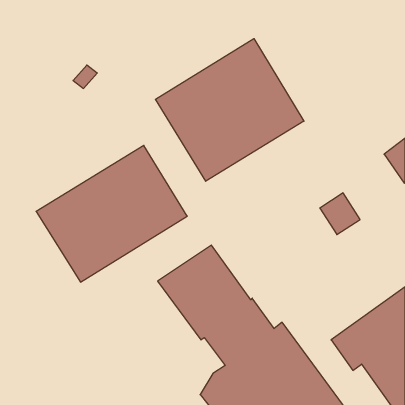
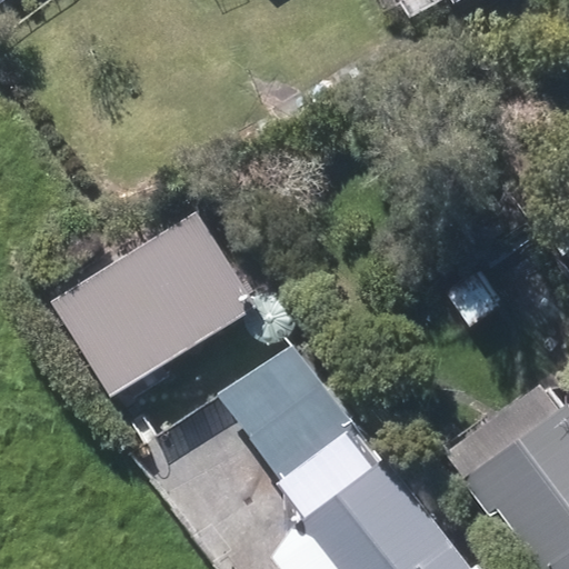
building: [155,39,304,181] -> none

